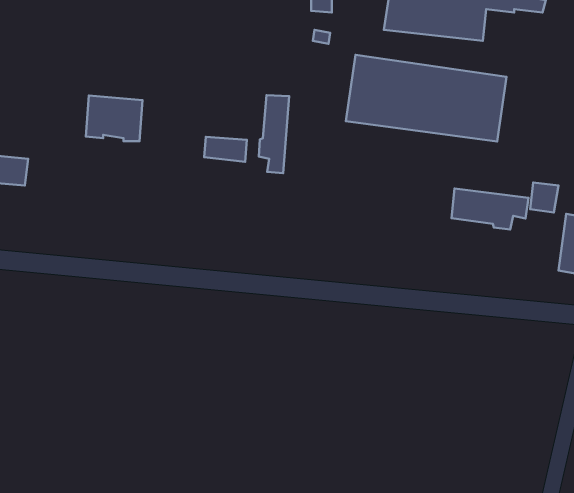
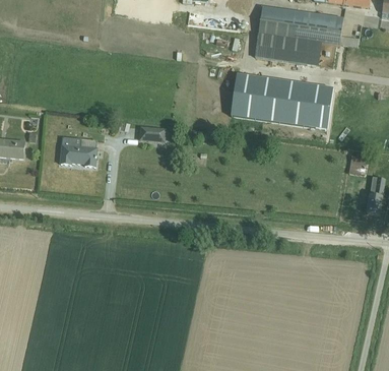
building: [259,95,289,173] -> none
building: [86,96,142,141] -> [60,136,96,166]
building: [451,189,528,229] -> none

